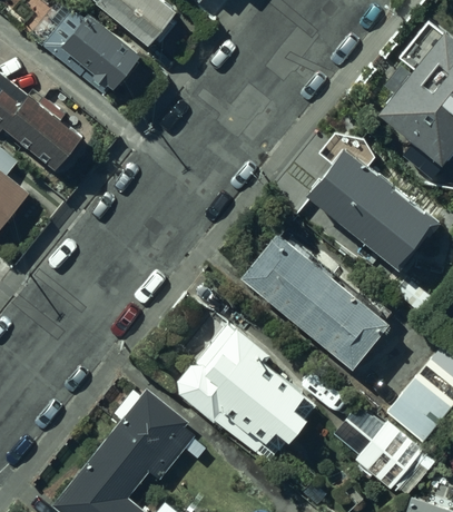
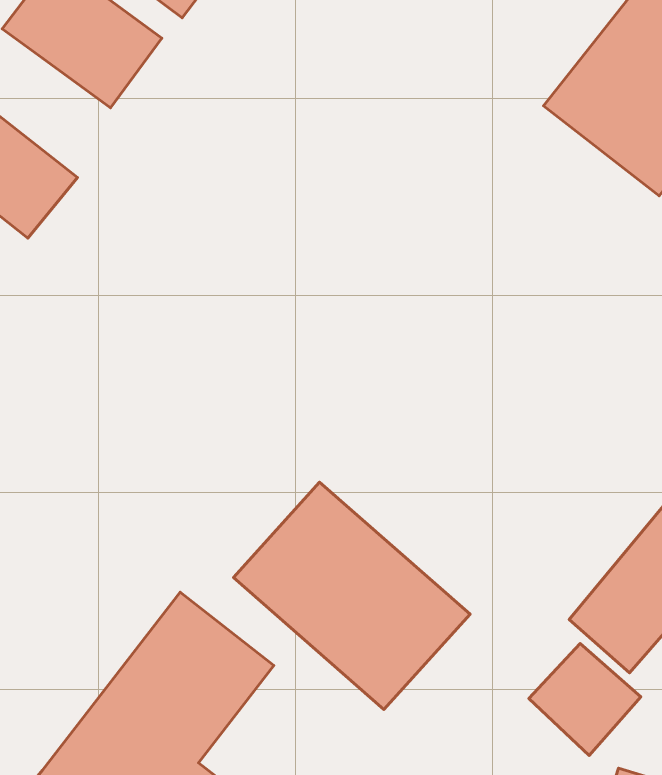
building: [307,140,430,253] -> none
building: [236,223,386,362] -> none

